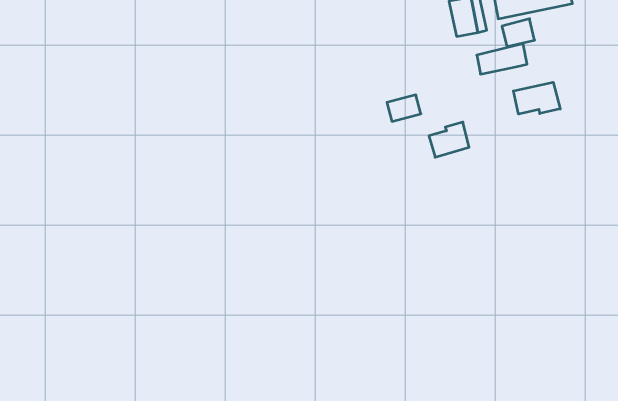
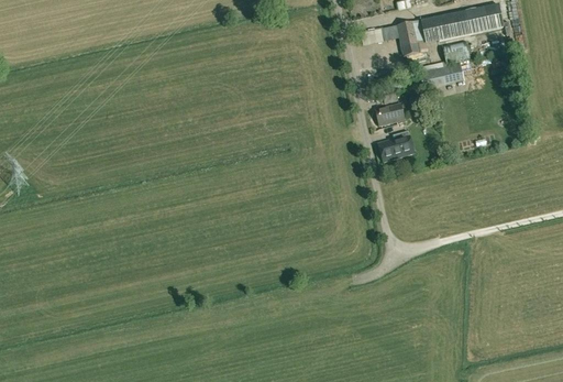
building: [513,82,560,114] -> none
building: [387,95,421,121] -> [375,102,405,125]

